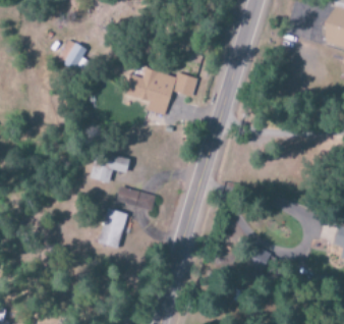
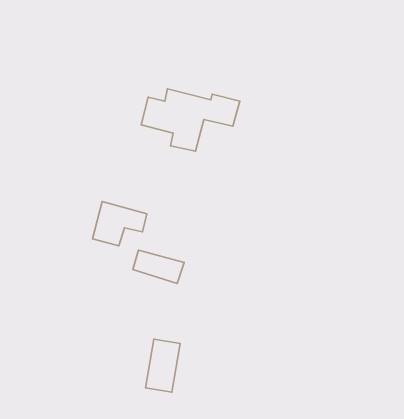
building: [56,38,89,74] -> none
building: [100,209,125,248] -> [145,339,180,392]

